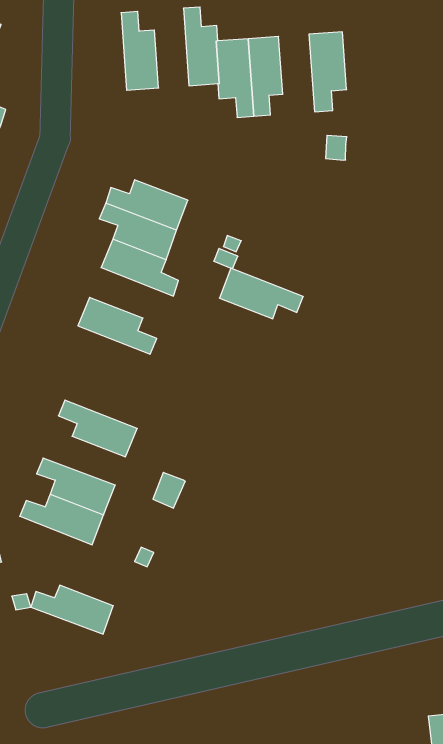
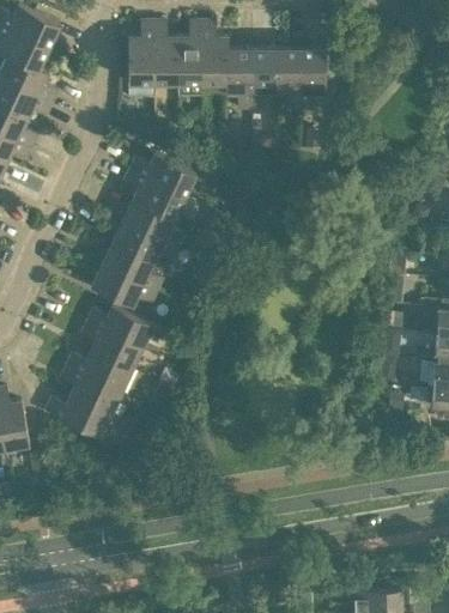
building: none -> [178,20,202,95]
building: none -> [128,20,153,81]
building: none -> [275,48,299,109]
building: [219,268,303,319] -> [113,219,178,261]
building: none -> [91,263,157,305]
building: none -> [87,304,153,347]
building: [31,585,113,634] -> [67,350,132,390]

